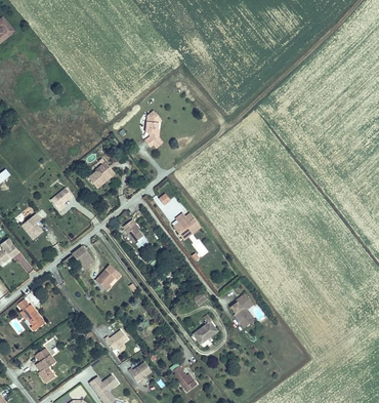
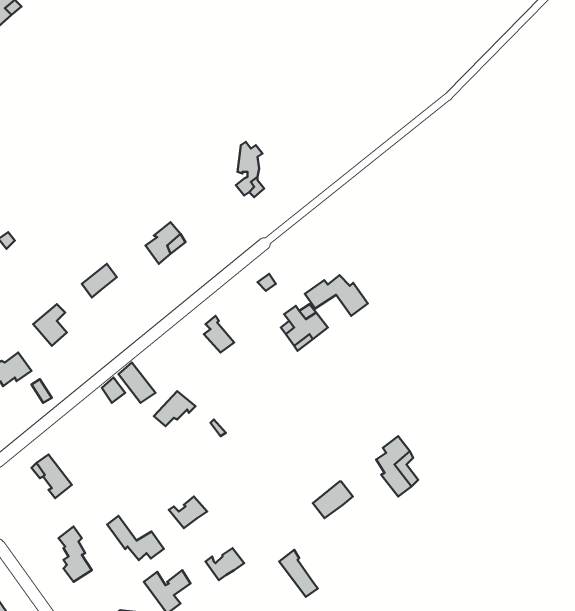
building: none -> [305,275,368,316]
building: none -> [107,516,164,560]

